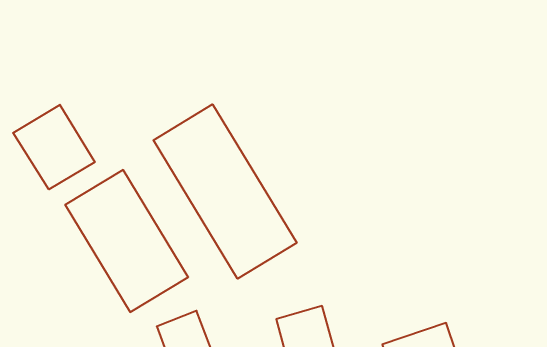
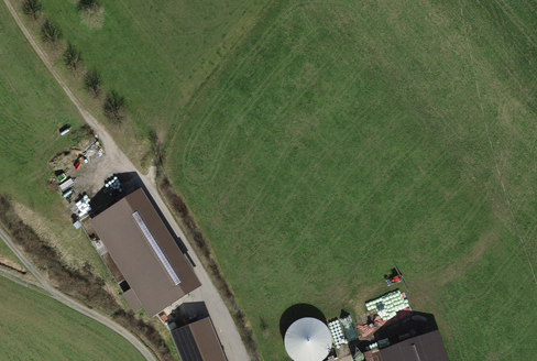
building: [153,104,297,279] -> none
building: [13,105,95,189] -> none

